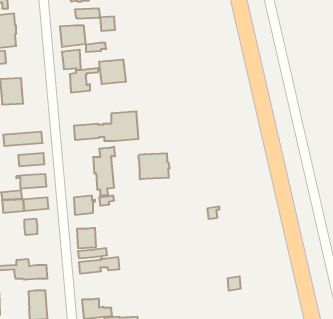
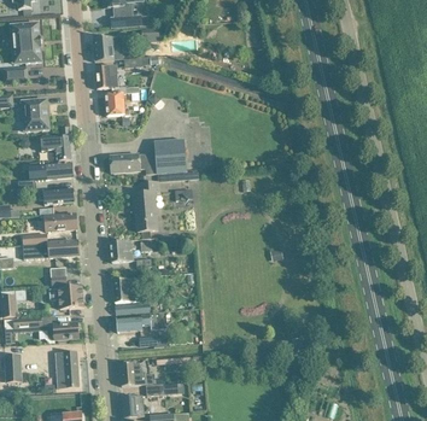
building: [99,59,126,84] -> none
building: none -> [40,134,70,159]
building: [138,153,169,179] -> none
building: none -> [48,285,82,308]

